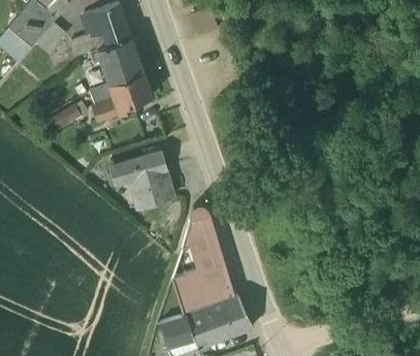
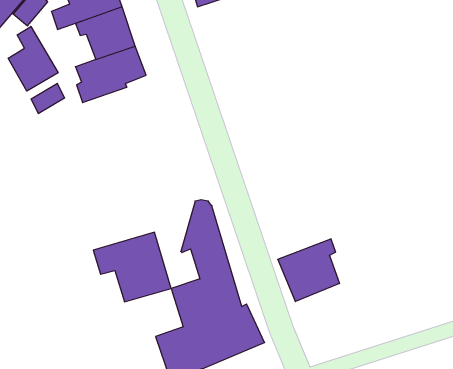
building: none -> [8,26,58,91]
building: [109,150,176,209] -> [93,232,171,302]
building: none -> [278,239,339,302]

